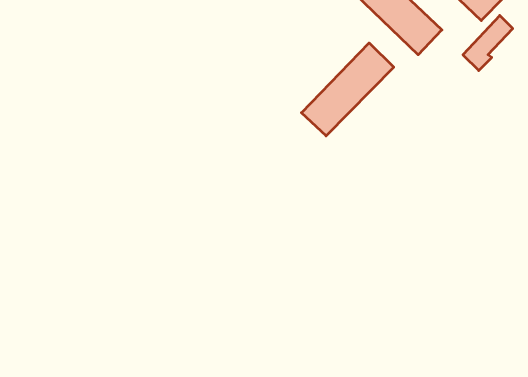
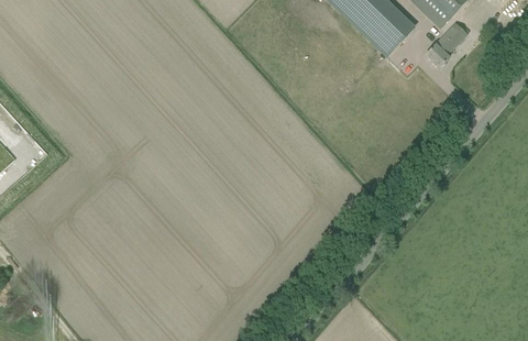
building: [301,43,394,136] -> none

